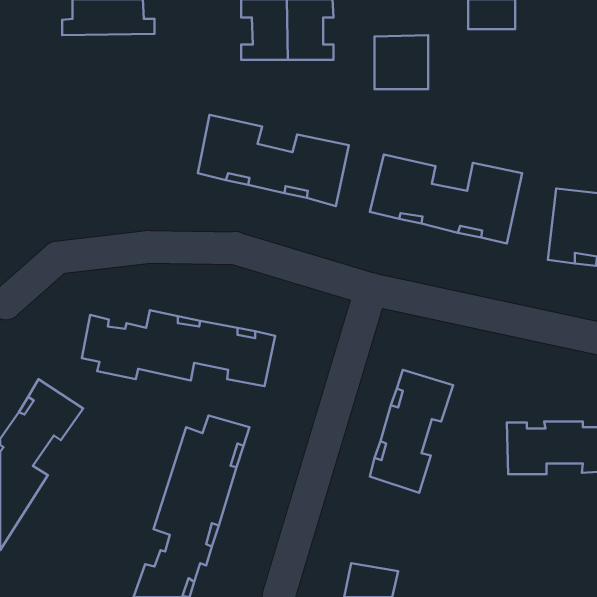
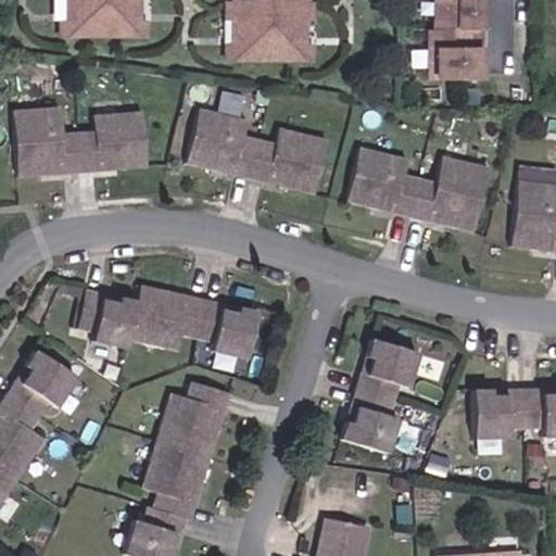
building: [374,35,428,89] -> [429,27,479,77]
building: none -> [11,105,144,174]

